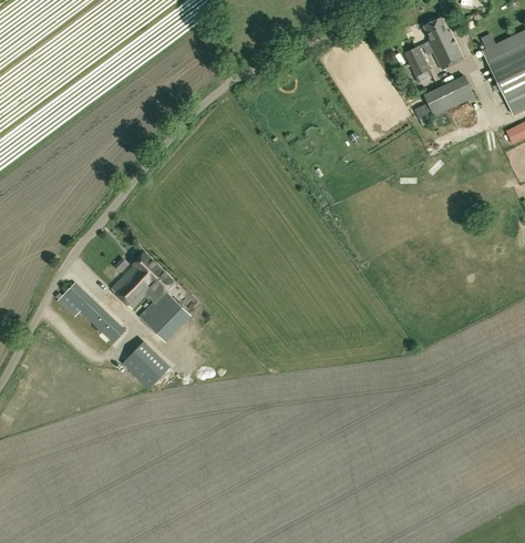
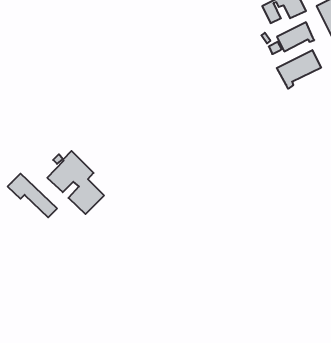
building: none -> [277,50,321,89]
building: [123,341,169,388] -> none

